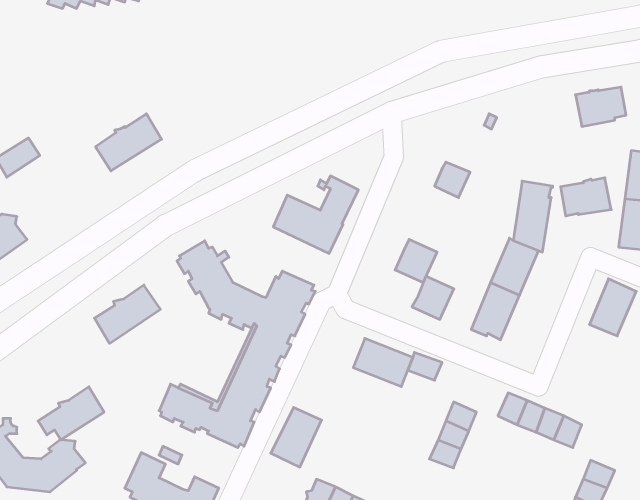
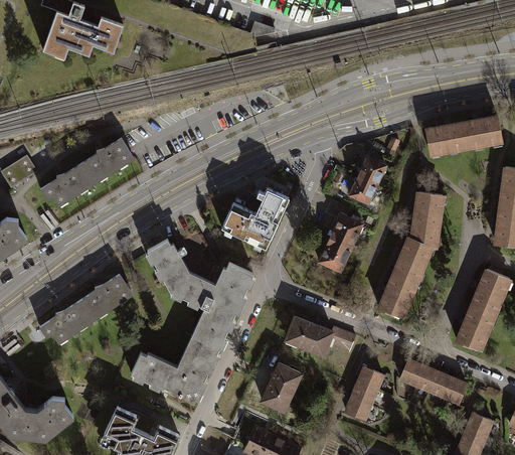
building: none -> [358,157,385,184]
building: none -> [40,164,93,205]
building: [561,178,611,216] -> [425,123,466,153]
building: [412,276,454,319] -> [329,213,362,248]
building: none -> [457,305,494,349]
building: [38,387,104,440] -> [39,300,92,342]
building: [271,407,322,467] -> [261,363,301,411]

